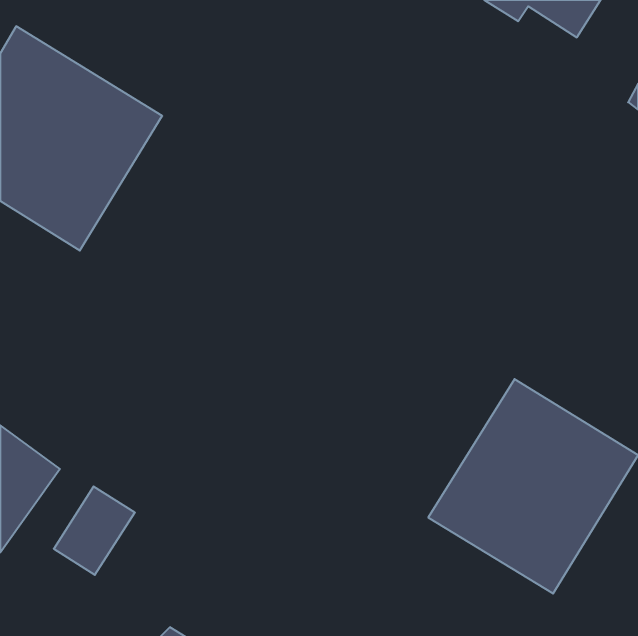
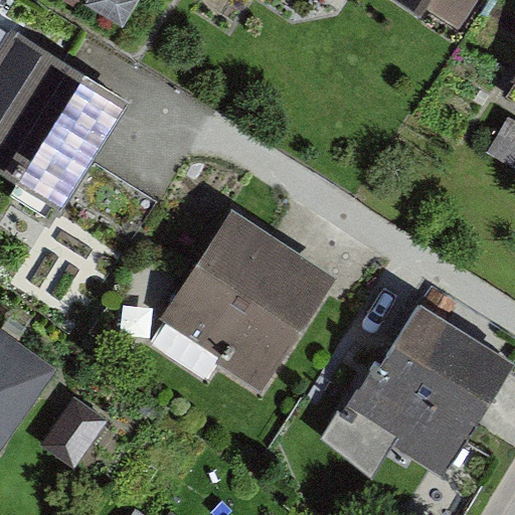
building: none -> [156,213,328,386]

